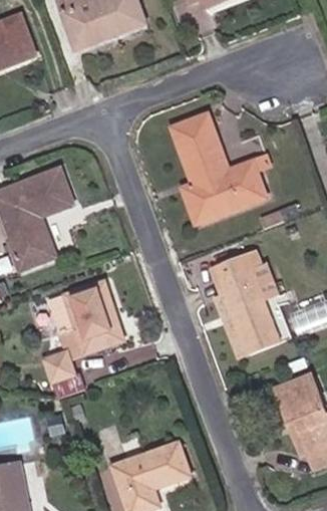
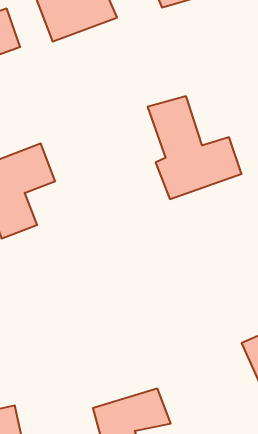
building: [211,250,289,358] -> none
building: [43,278,129,381] -> none

